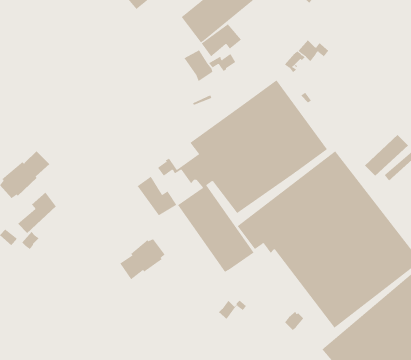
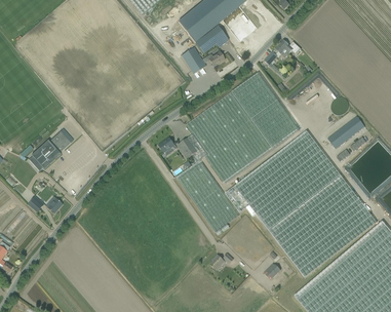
building: [137,176,177,216] -> none
building: [17,192,57,234] -> none
building: [119,239,165,280] -> none

